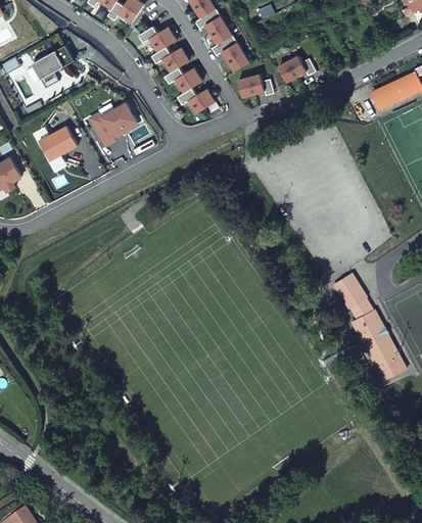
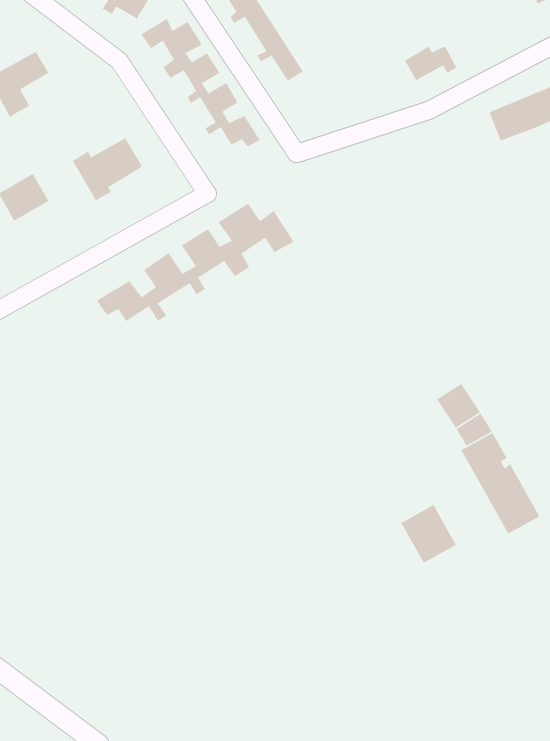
building: [279,56,316,81] -> [404,46,458,81]
building: [238,74,273,96] -> none
building: none -> [96,203,295,322]
building: none -> [400,504,457,564]

